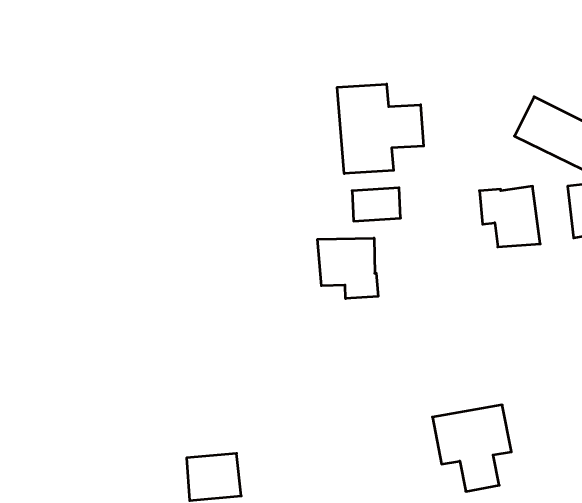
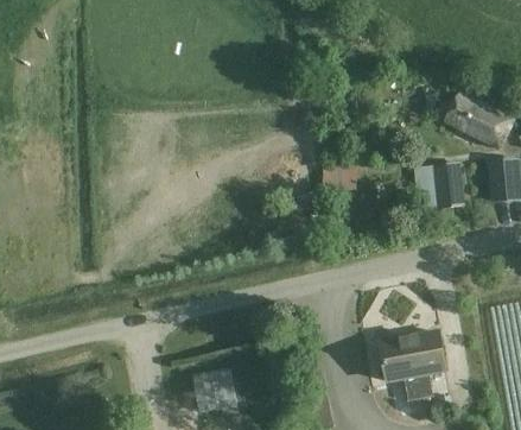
building: [337,84,424,174] -> none
building: [318,238,378,299] -> none

